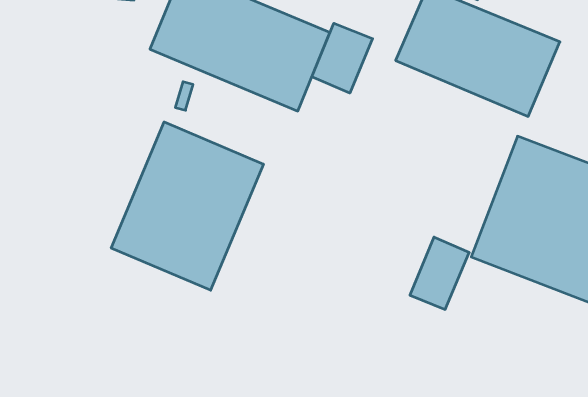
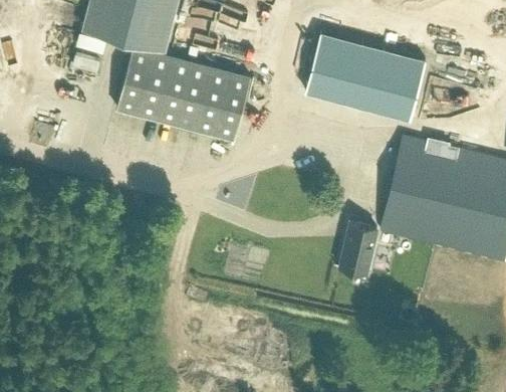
building: [312,23,373,93] -> none
building: [111,122,263,290] -> none

